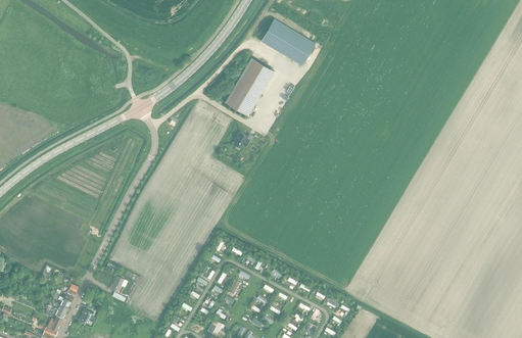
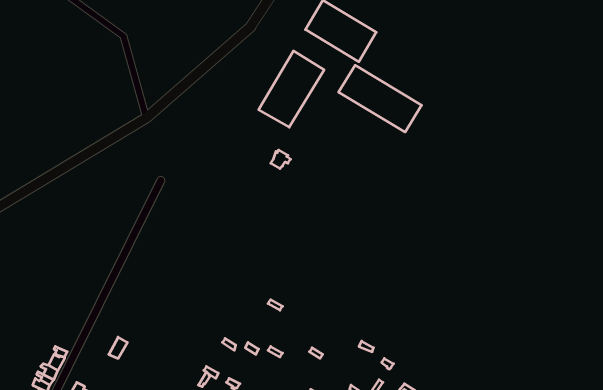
building: none -> [339,65,422,132]

